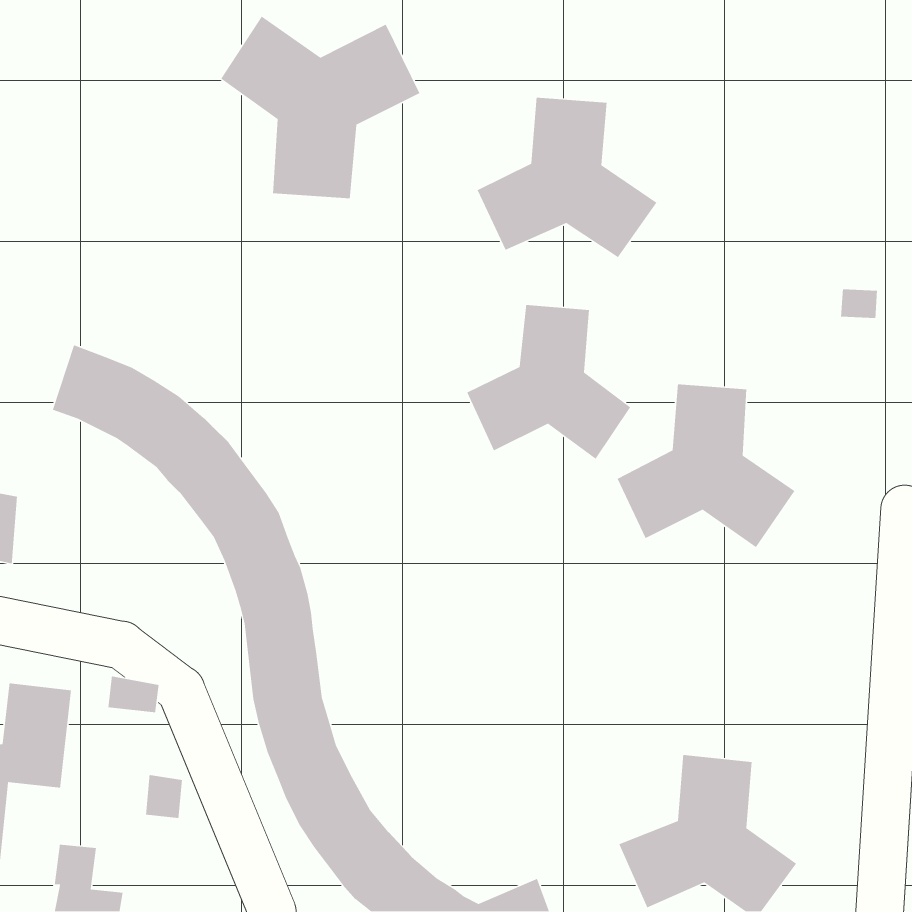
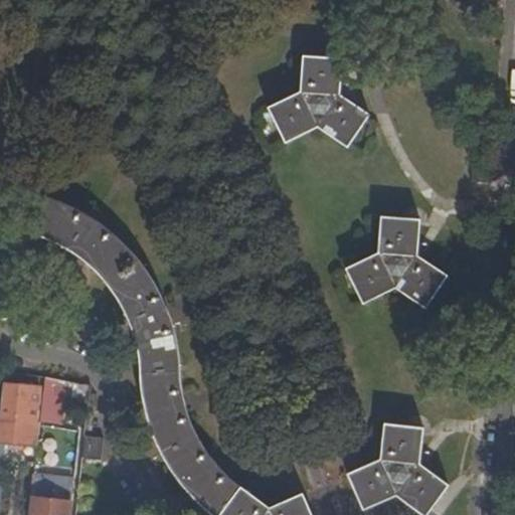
building: [220,16,421,199] -> none
building: [466,304,631,460] -> none

